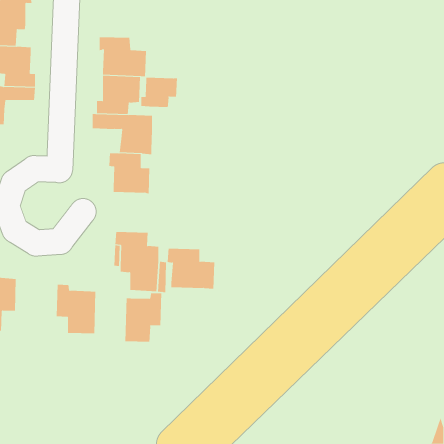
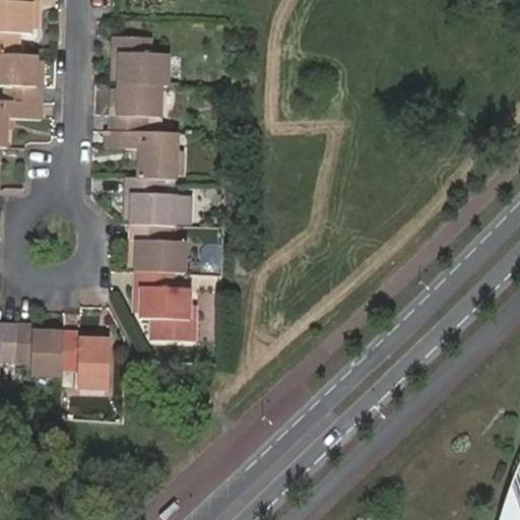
building: [141,77,177,108] -> none
building: [167,248,215,289] -> [130,223,186,271]
building: none -> [18,324,66,375]
building: [125,292,162,342] -> none

